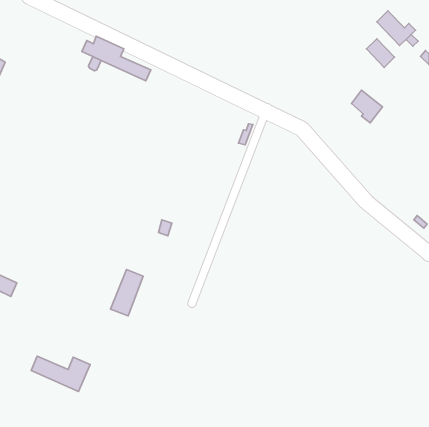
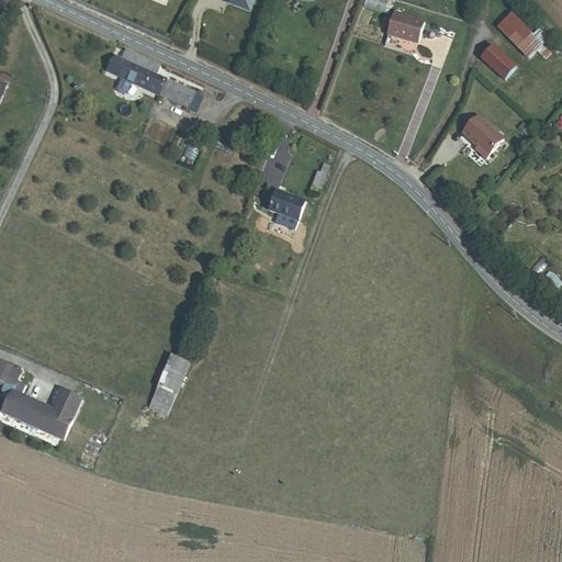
building: none -> [385,8,424,41]
building: none -> [272,189,306,226]
building: [31,356,90,392] -> [4,391,81,437]

